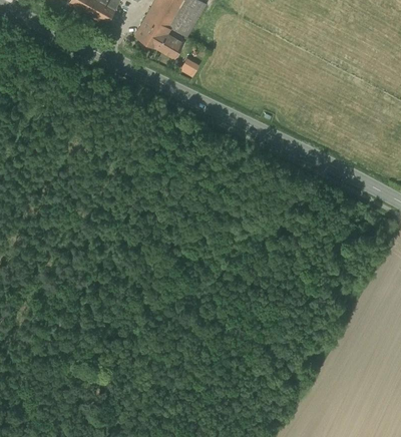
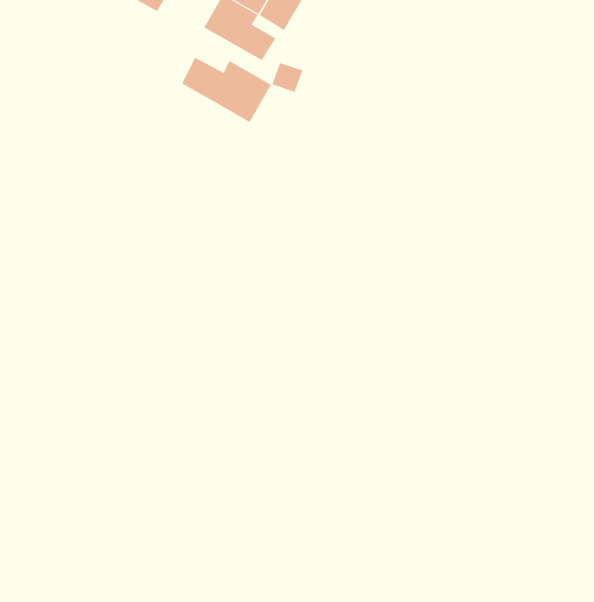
building: none -> [181,57,272,123]

